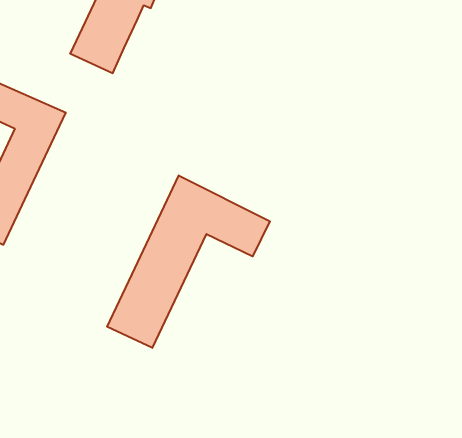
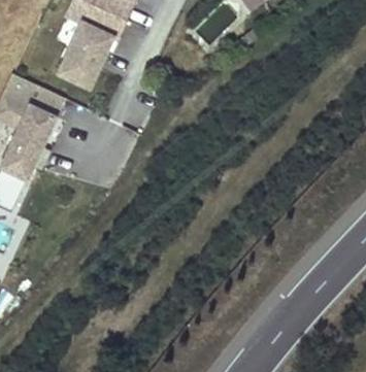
building: [107,175,270,348] -> none

